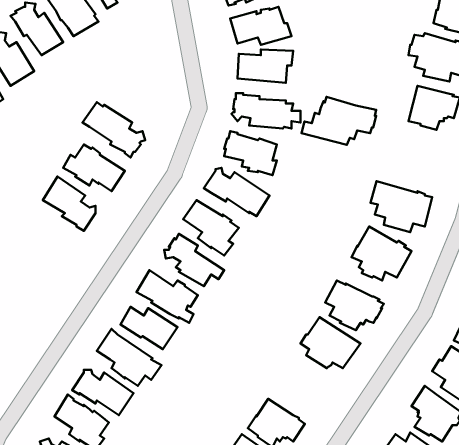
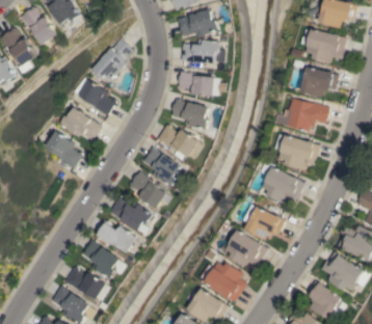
building: none -> [90,38,132,81]
building: [302,97,376,145] -> [277,98,330,132]
building: none -> [201,262,248,302]

